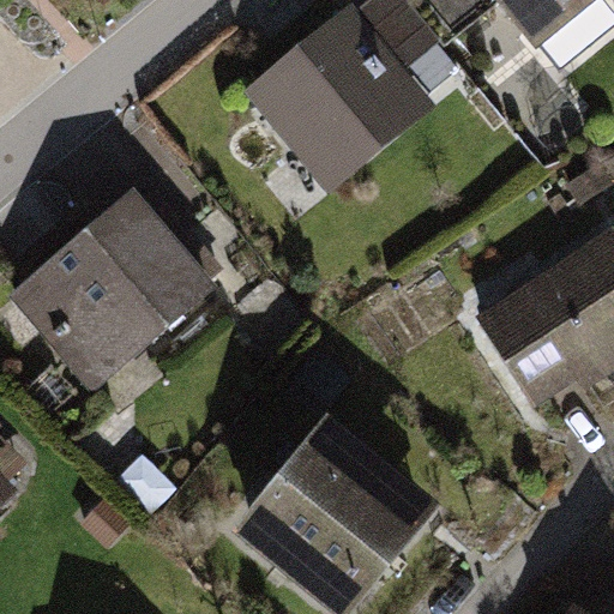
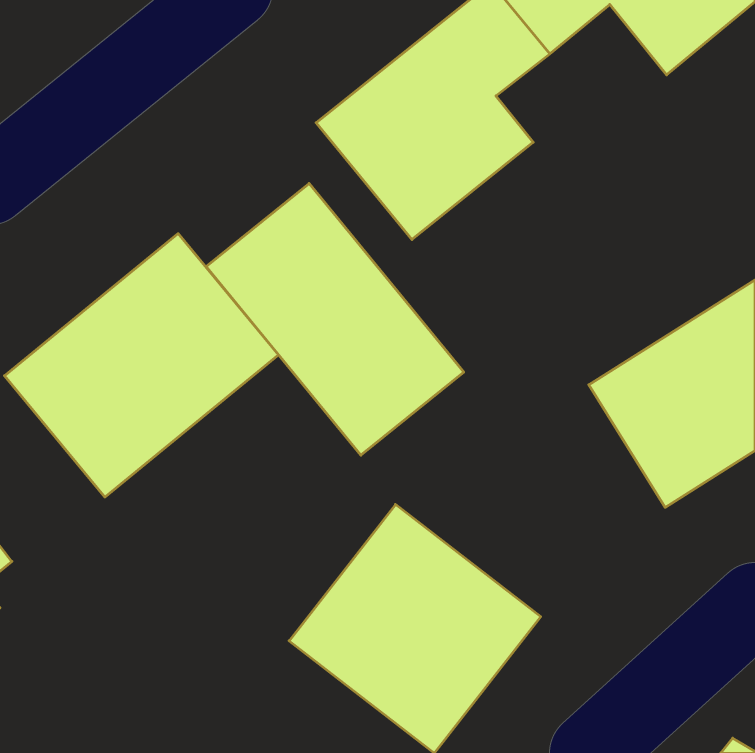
building: none -> [206,183,464,455]

